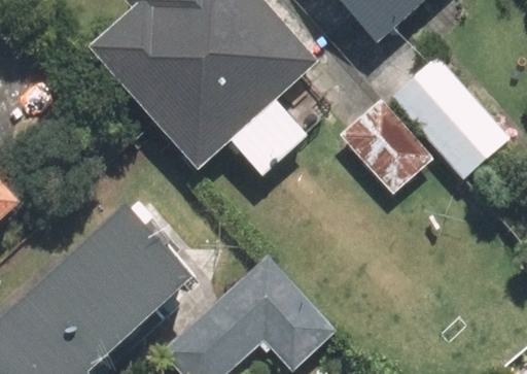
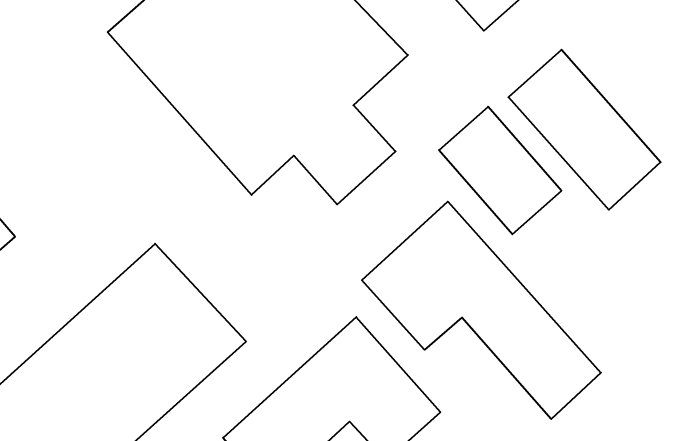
building: none -> [362,202,601,419]

